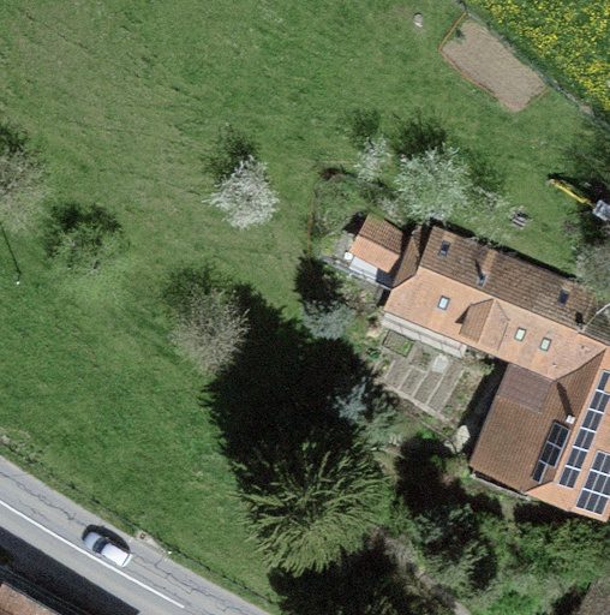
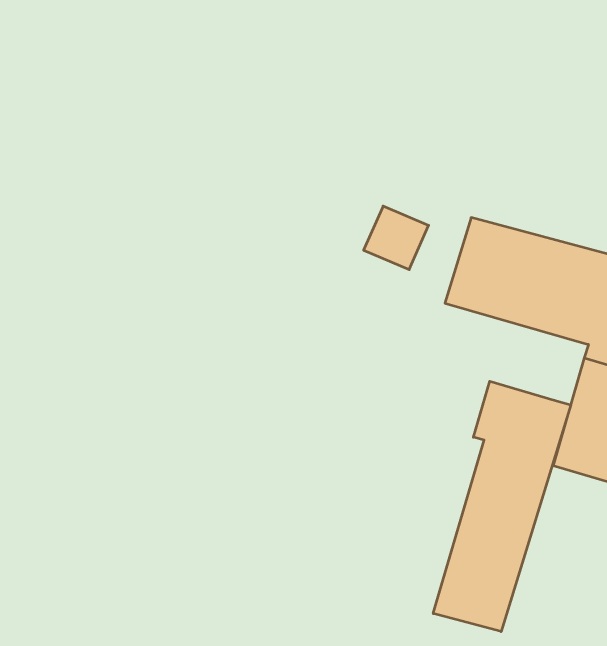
building: none -> [433,381,571,632]

